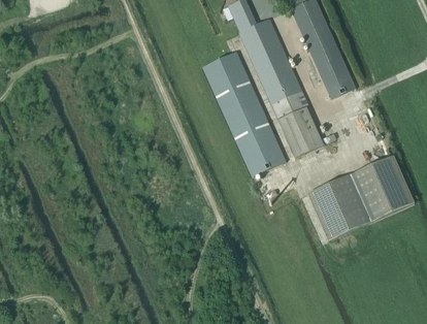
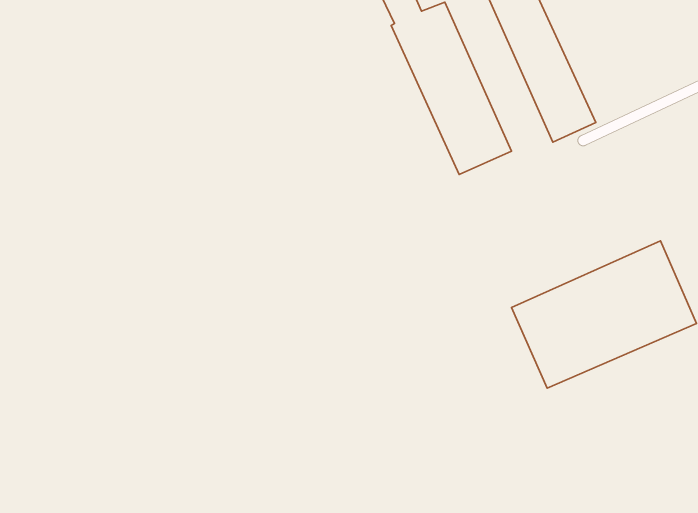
building: [202,50,287,175] -> none
building: [278,105,323,156] -> none

